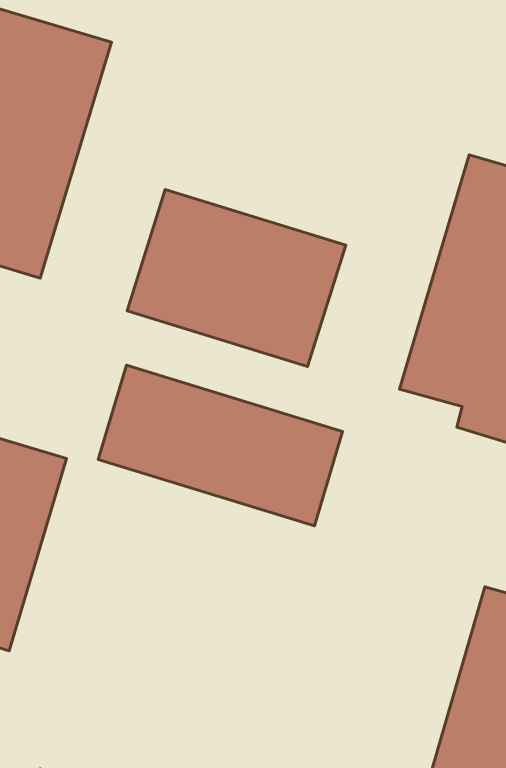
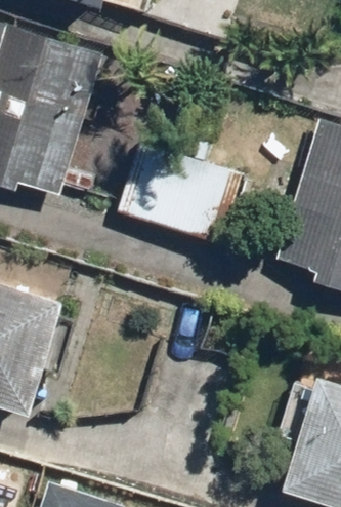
building: [98,365,342,526] -> none

